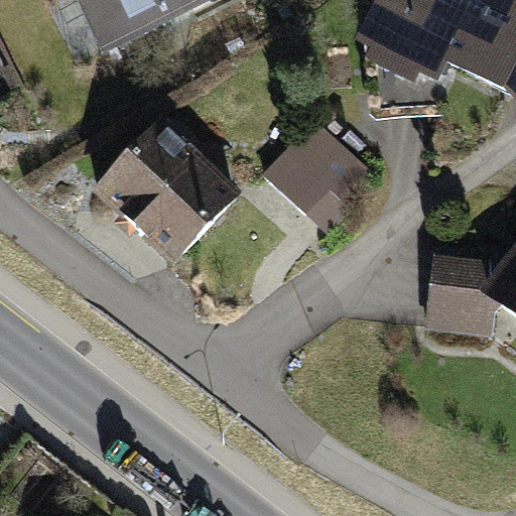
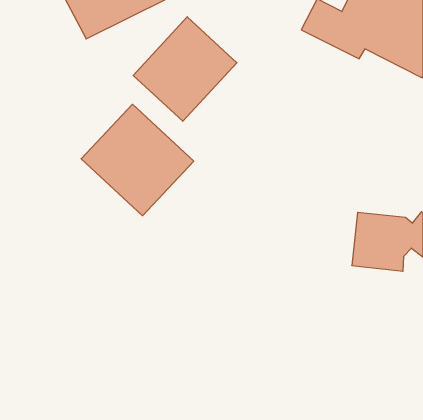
building: none -> [133,17,237,121]
building: [266,121,368,212] -> none

